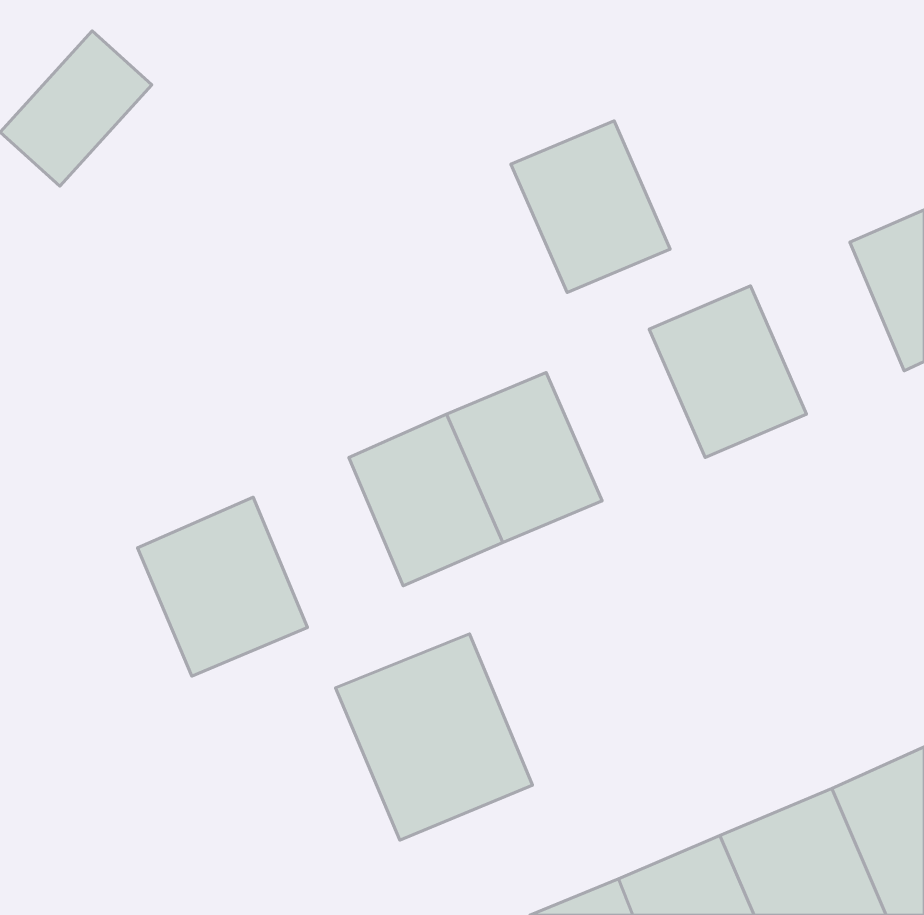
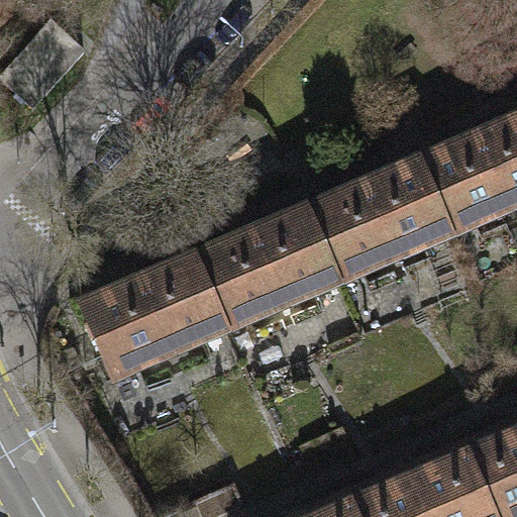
building: [511,121,670,292] -> [305,184,394,280]
building: none -> [419,135,505,231]
building: none -> [141,255,225,350]
building: [336,634,532,840] -> none

